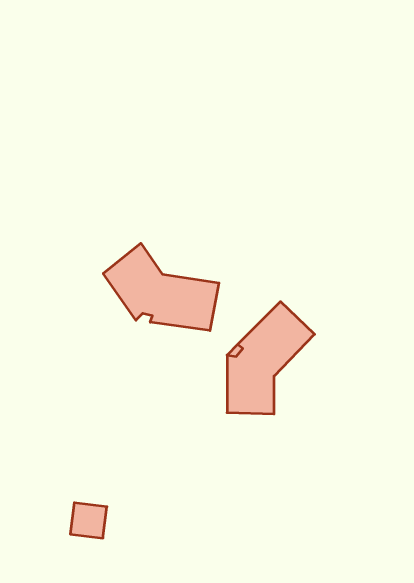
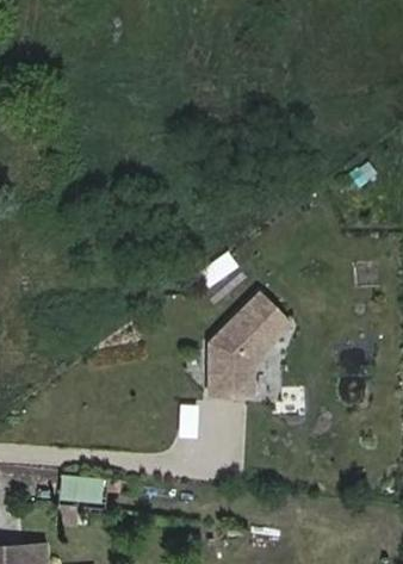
building: [103,243,219,331] -> none

